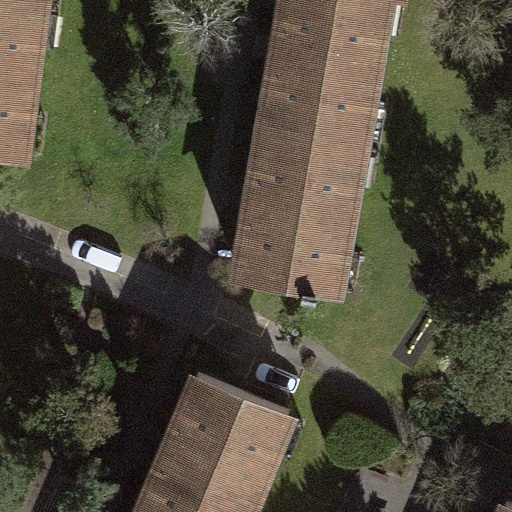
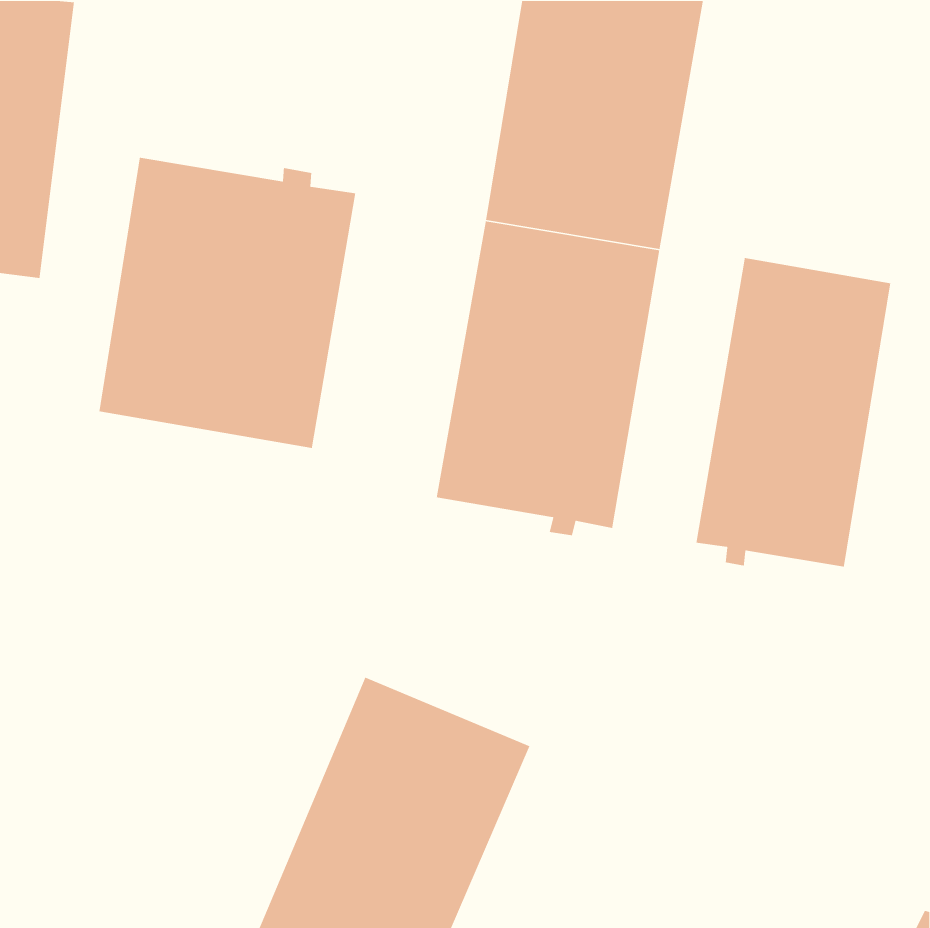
building: none -> [99,157,356,449]
building: none -> [695,257,891,568]

